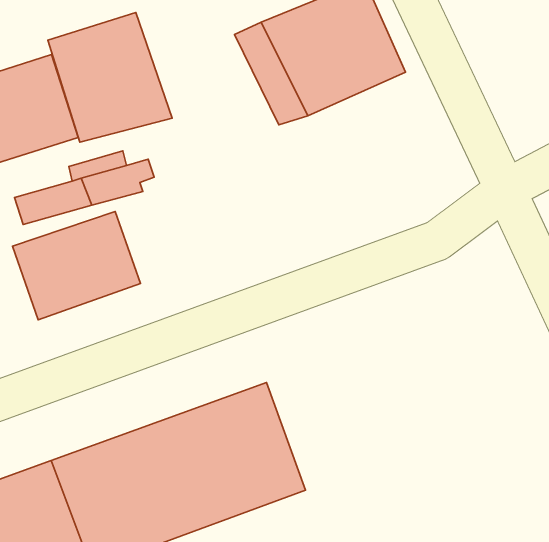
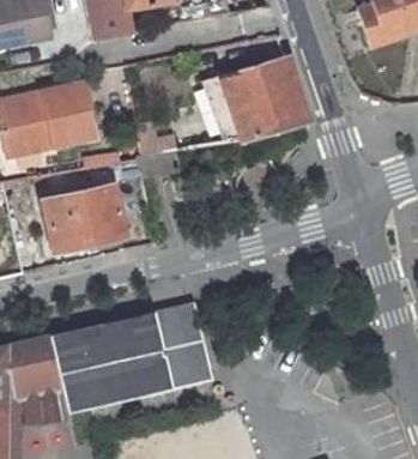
building: [48,13,172,142] -> none

